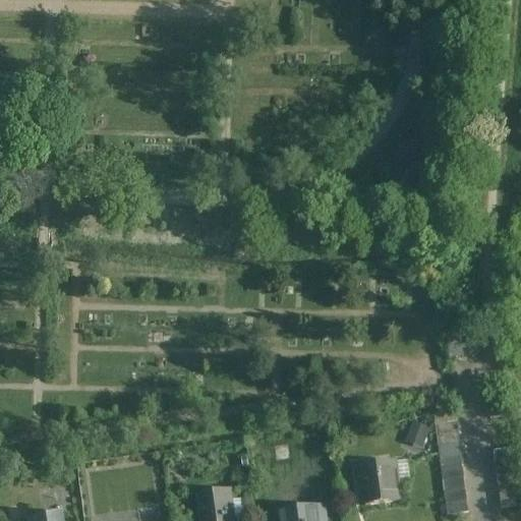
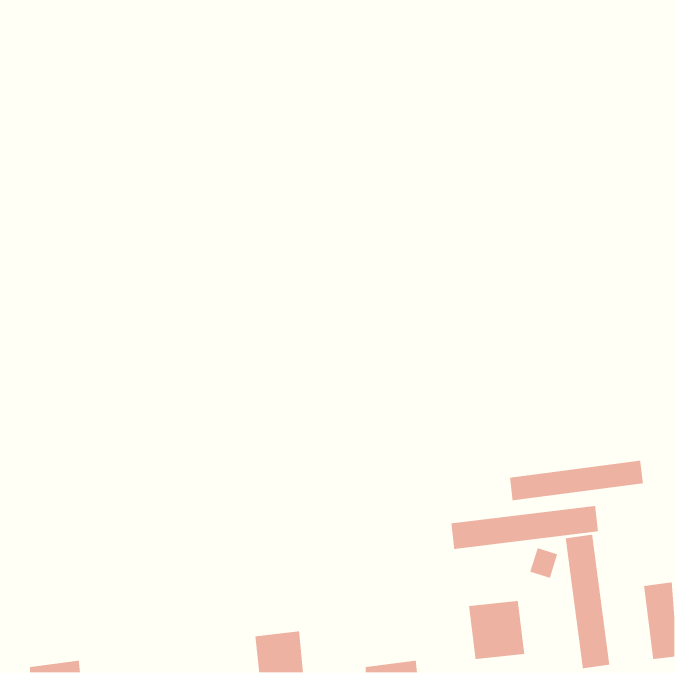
building: none -> [509,460,644,501]
building: none -> [450,505,599,550]

